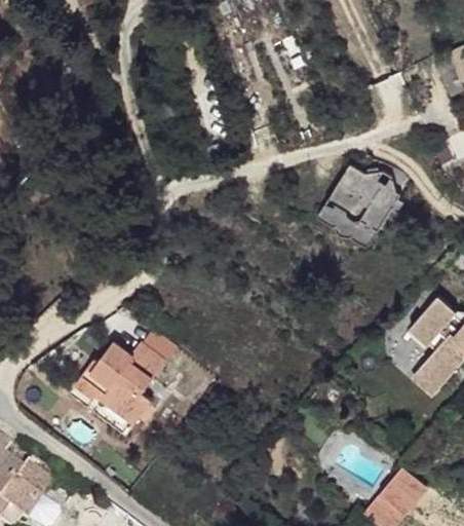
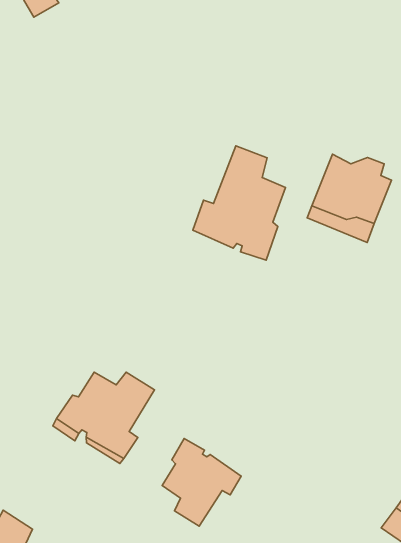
building: none -> [193,146,286,260]
building: none -> [162,439,241,526]

